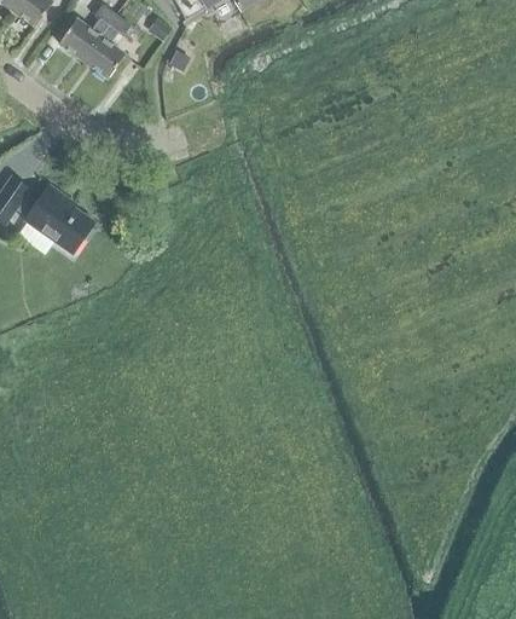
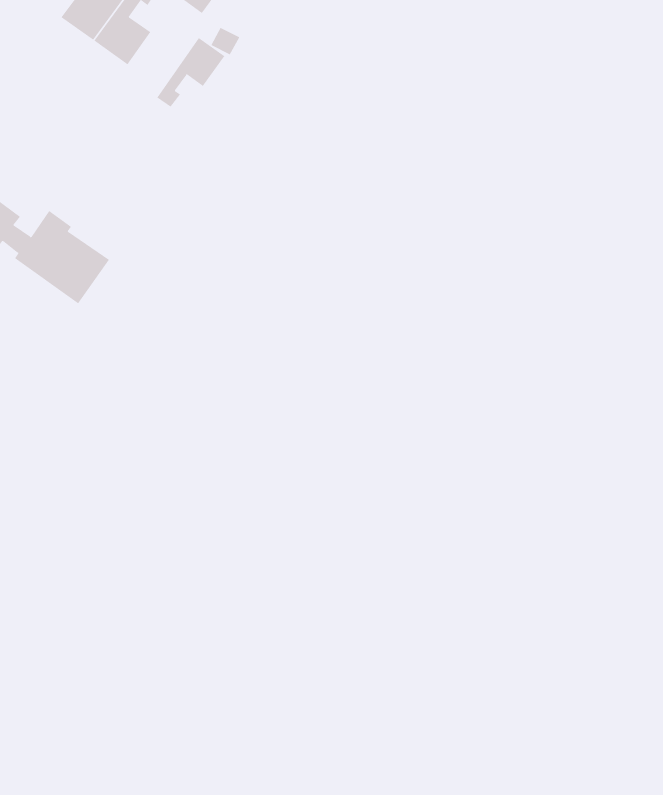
building: none -> [157,37,225,108]

